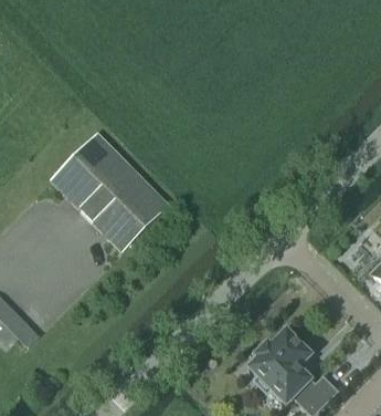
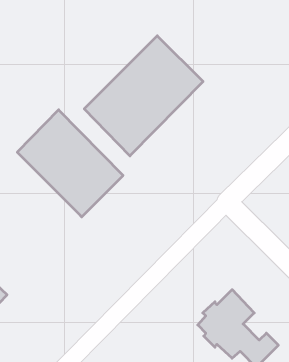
building: none -> [84,36,203,156]

